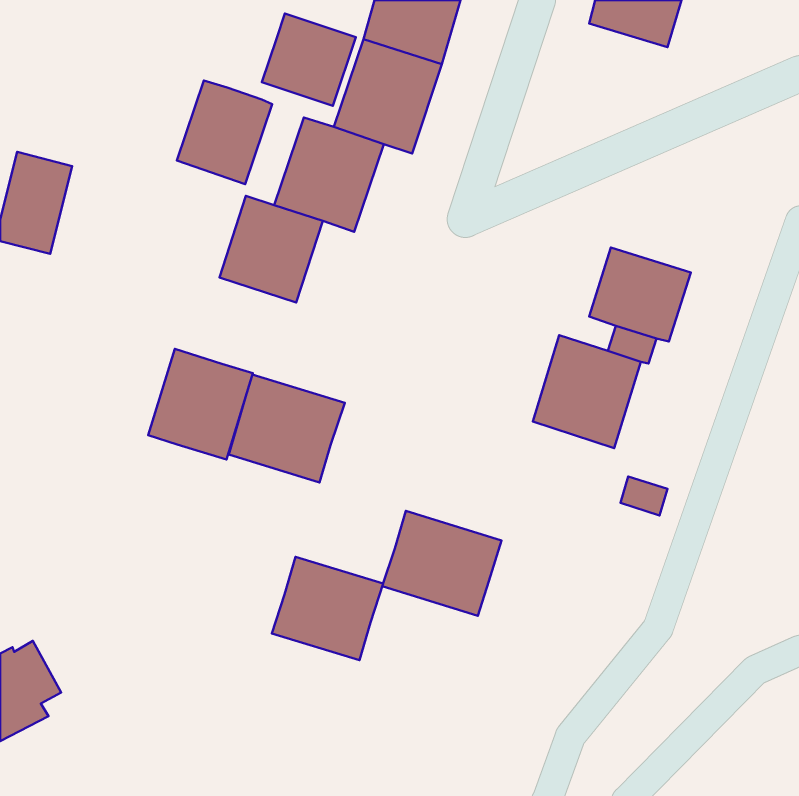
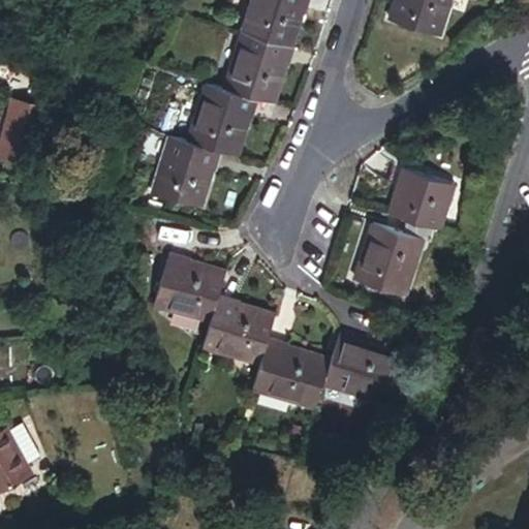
building: [262,14,356,106] -> none
building: [177,81,272,184] -> none
building: [148,349,253,459] -> none
building: none -> [323,335,403,406]
building: [272,557,383,660] -> [204,297,277,365]

